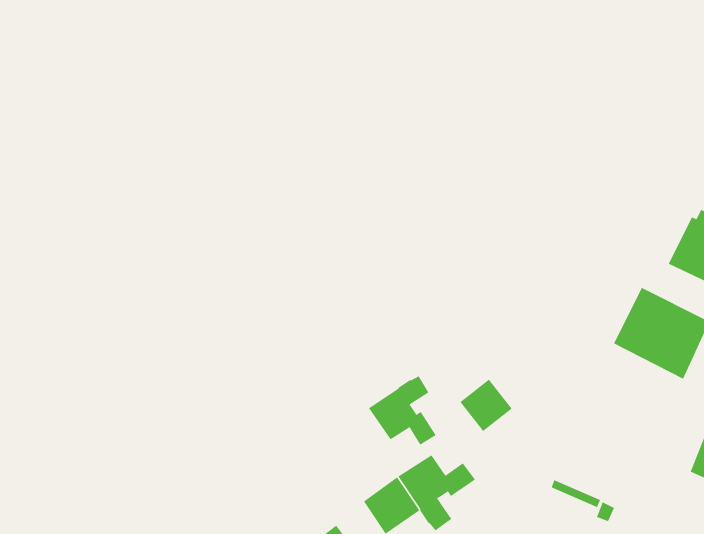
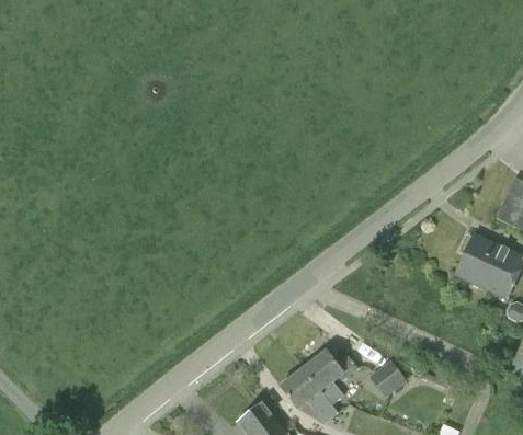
building: [368,375,437,445] -> none
building: [460,379,513,432] -> [368,359,406,397]

